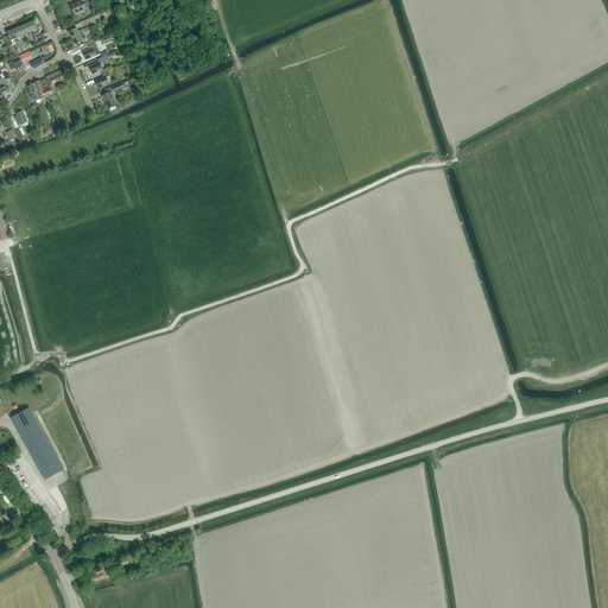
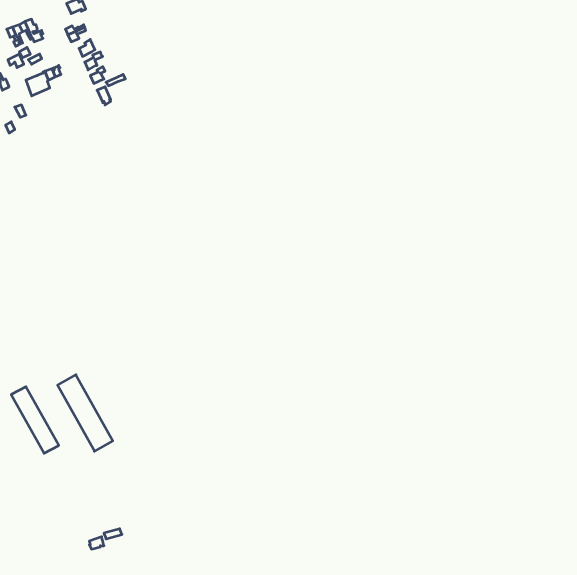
building: none -> [58,375,113,451]

